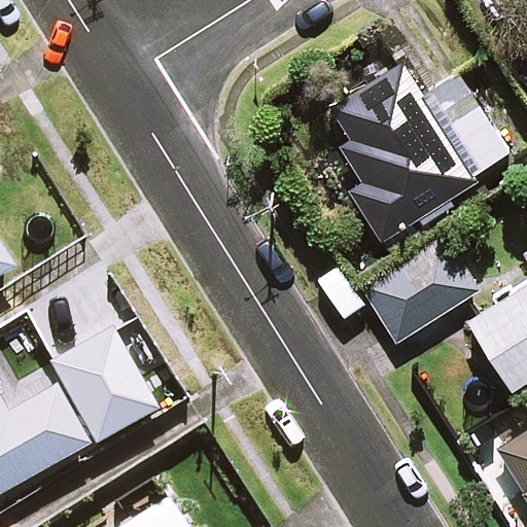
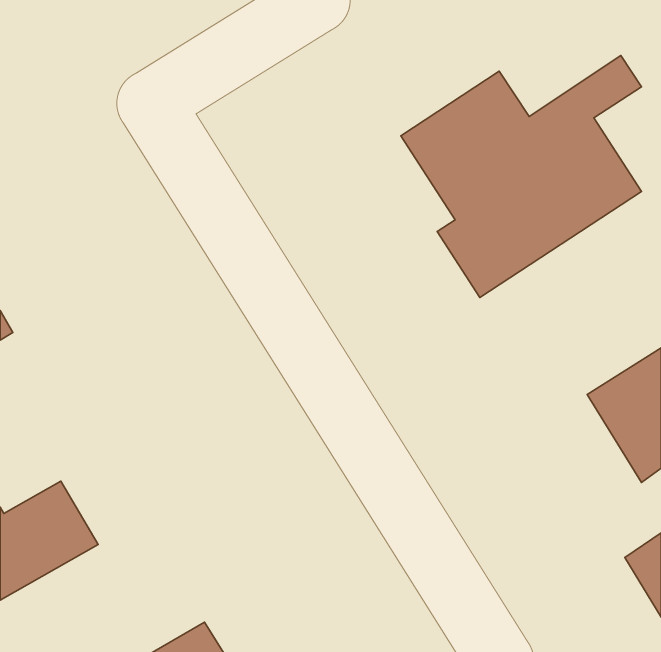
building: [360,236,478,344] -> none
building: [50,337,148,443] -> none

